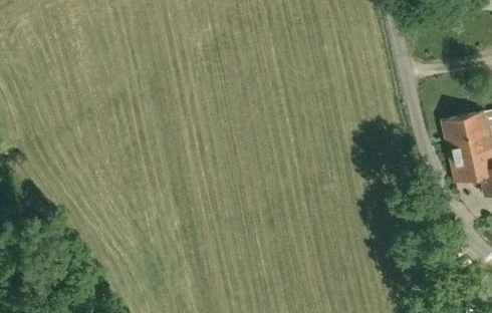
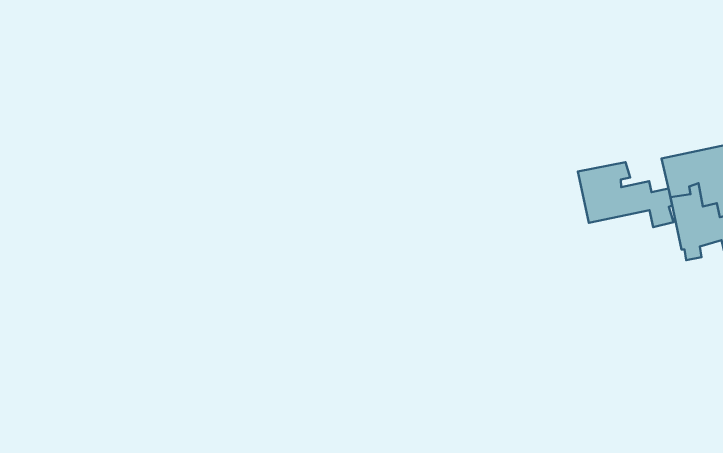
building: none -> [578,162,674,227]

